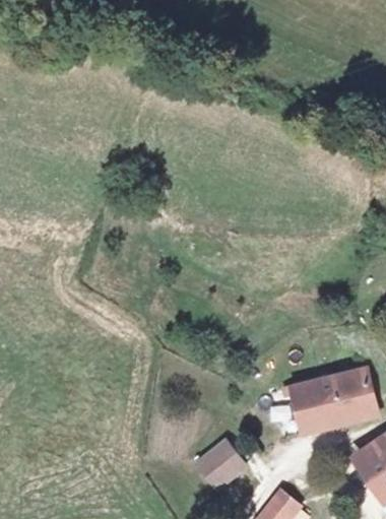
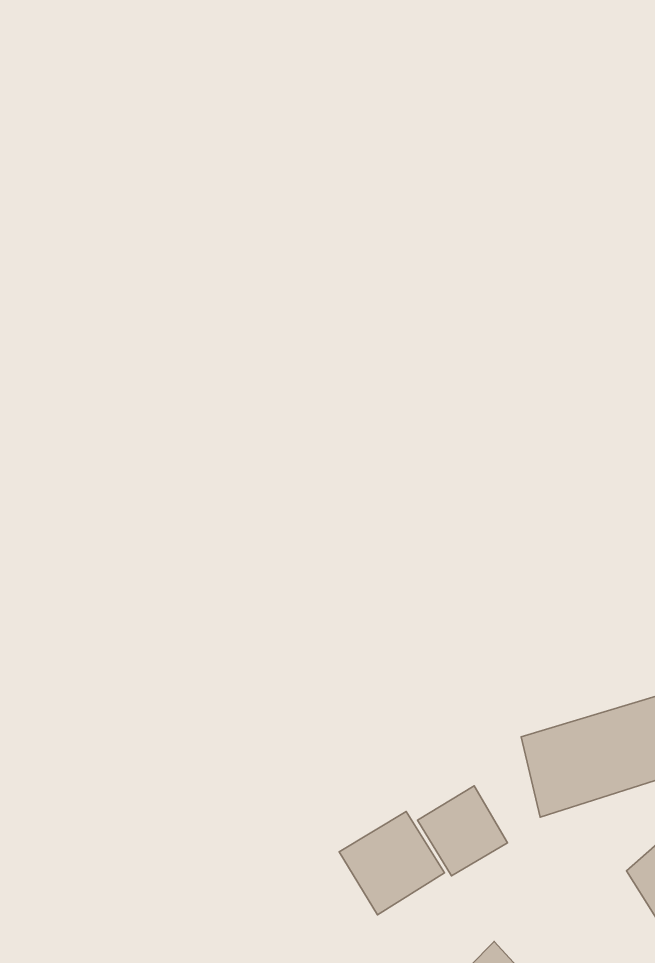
building: none -> [417,786,507,876]

